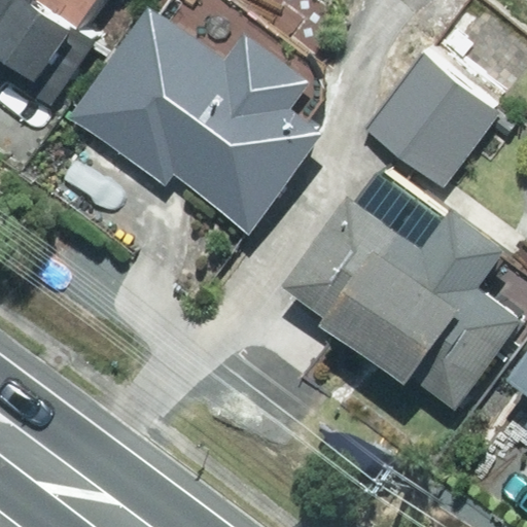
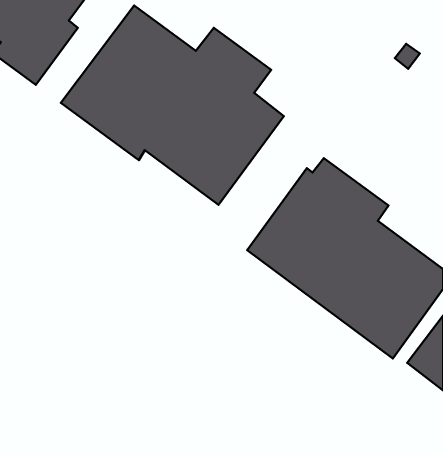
building: [363,50,498,184] -> none

